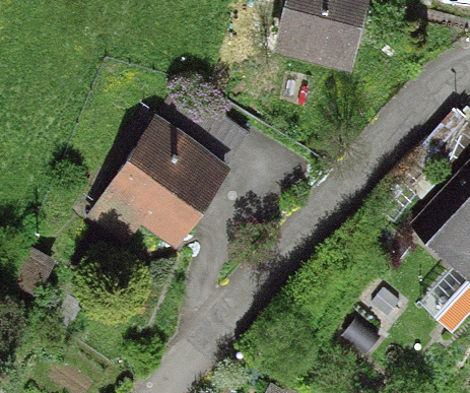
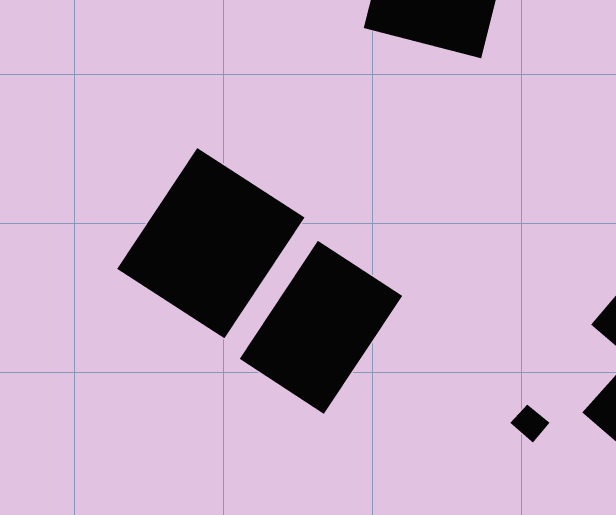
building: none -> [239,240,403,415]

